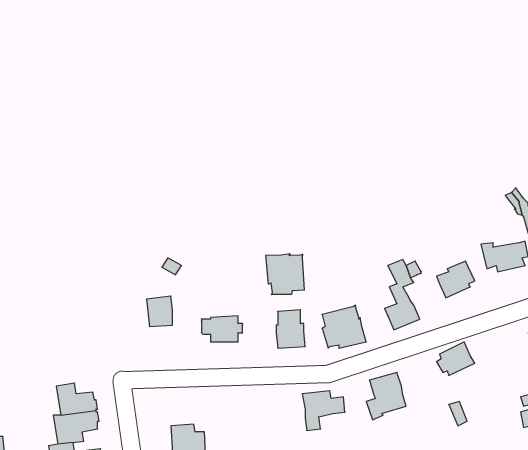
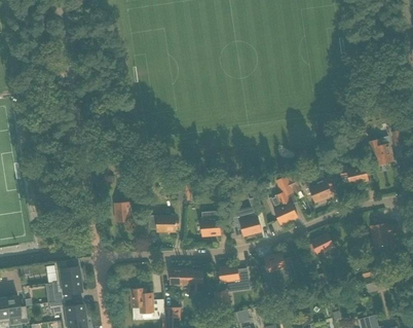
building: [266,254,304,295] -> none
building: none -> [171,268,203,291]

